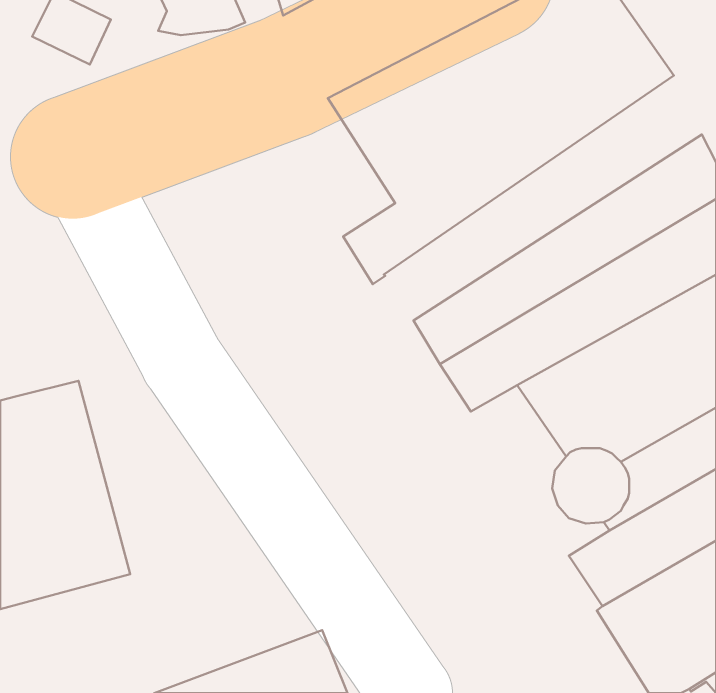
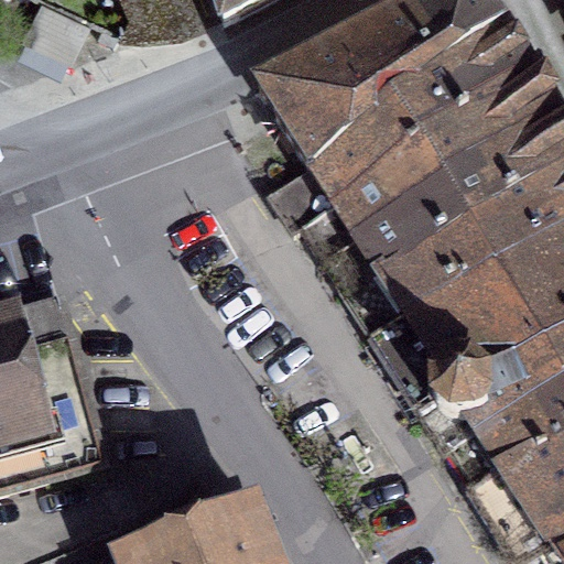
building: none -> [302,59,552,252]

